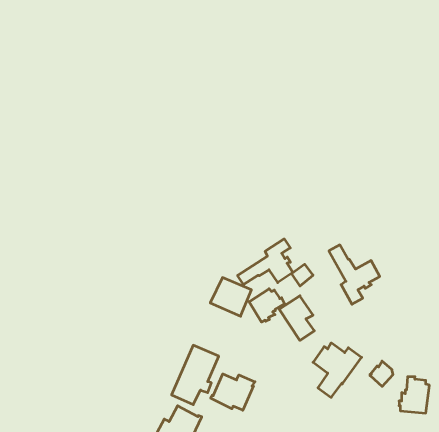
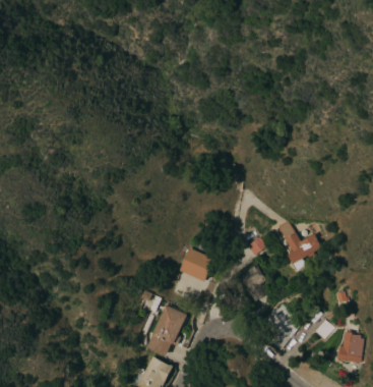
building: [238,239,293,284] -> none
building: [249,289,285,322] -> none
building: [211,374,255,410] -> none

